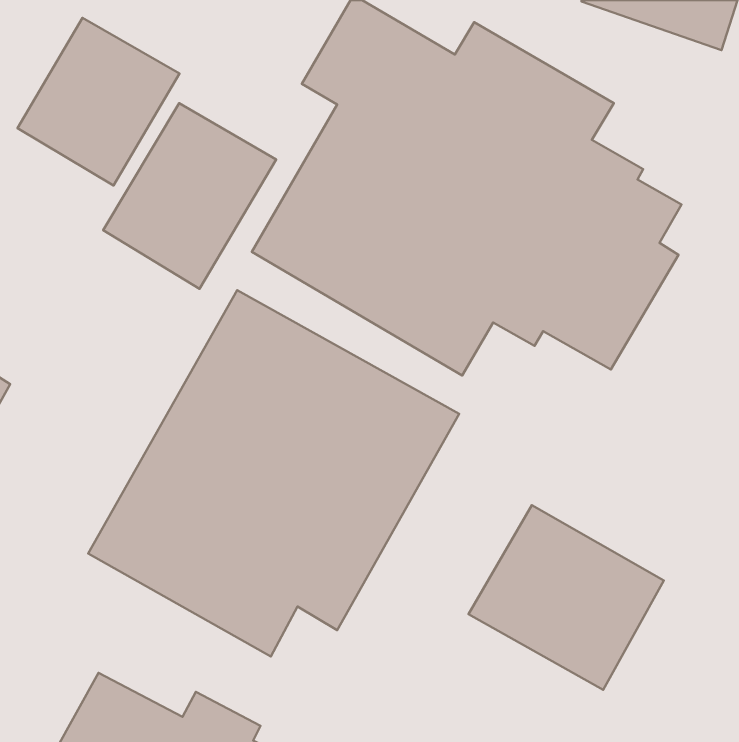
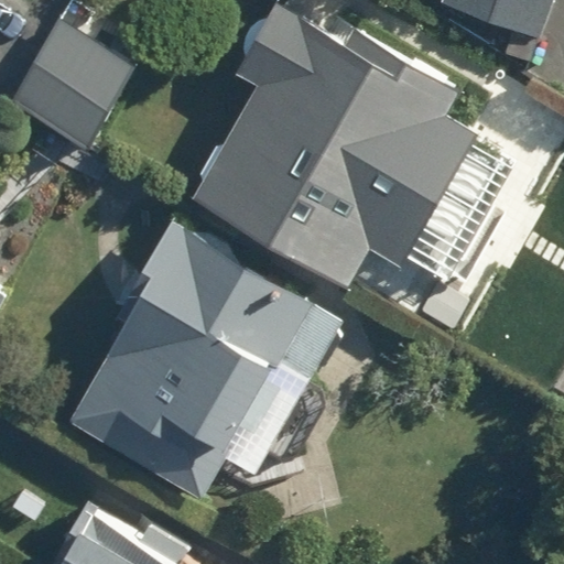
building: [103,103,276,289] -> none
building: [469,505,664,690] -> none

